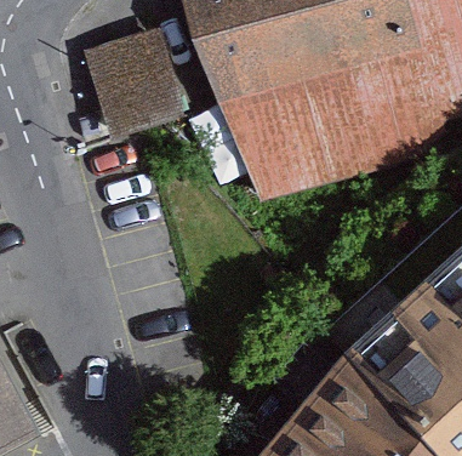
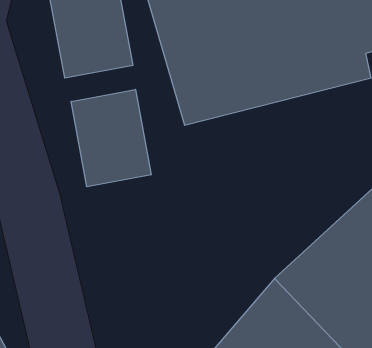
building: none -> [71,89,151,187]

